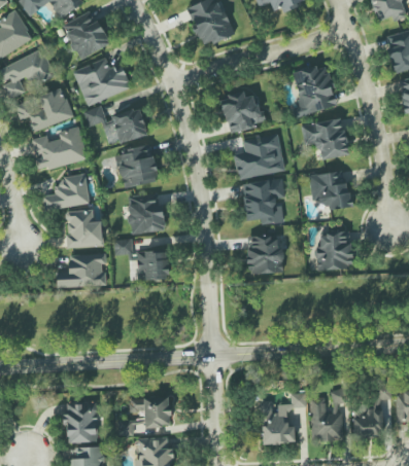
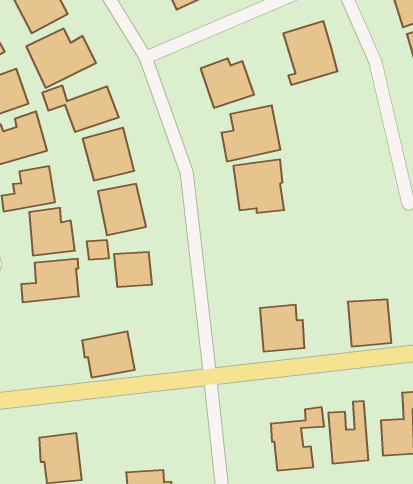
building: [302,117,349,159] -> none
building: [309,170,350,210] -> none
building: [317,231,352,270] -> [348,300,391,346]
building: [247,235,283,273] -> [260,305,305,352]
building: [129,393,172,430] -> [82,332,135,377]

